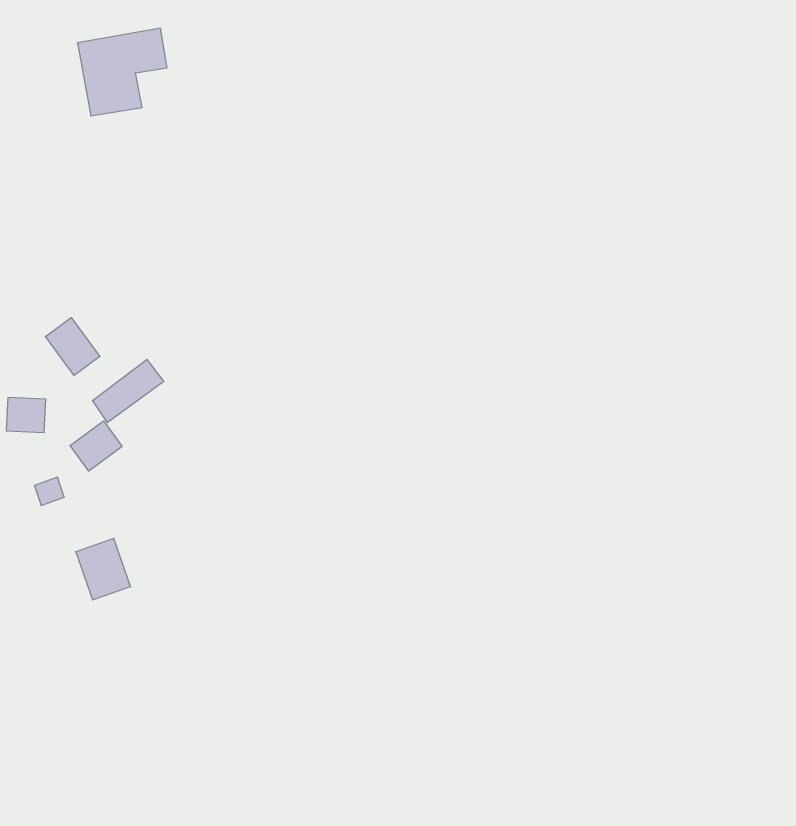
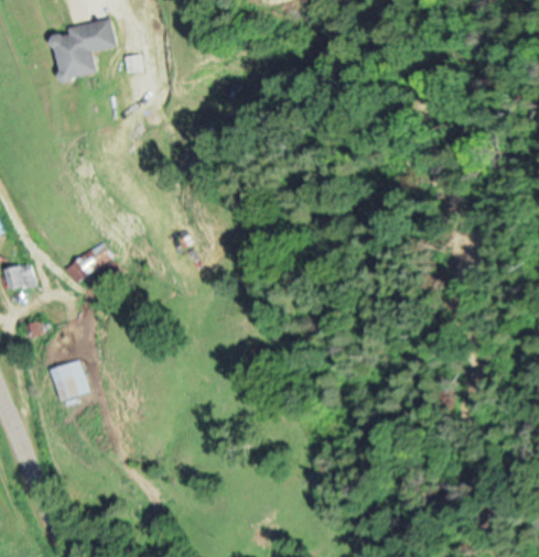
building: [45,318,100,375] -> none
building: [70,421,122,471] -> none

